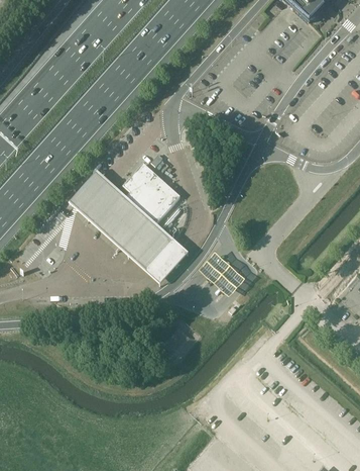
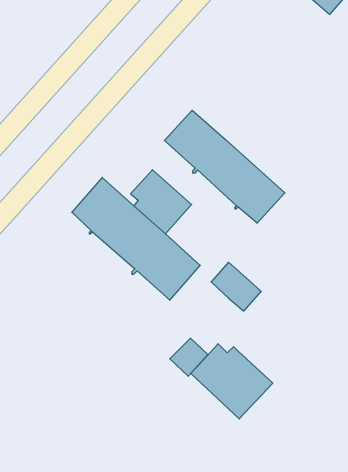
building: none -> [164,110,285,223]
building: none -> [191,344,273,419]

